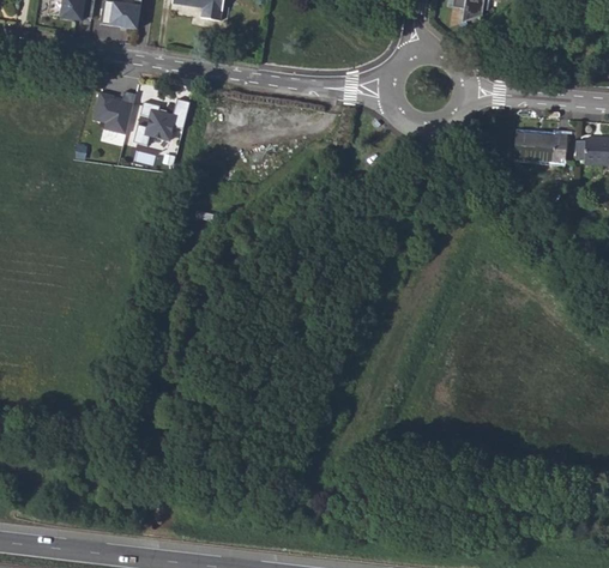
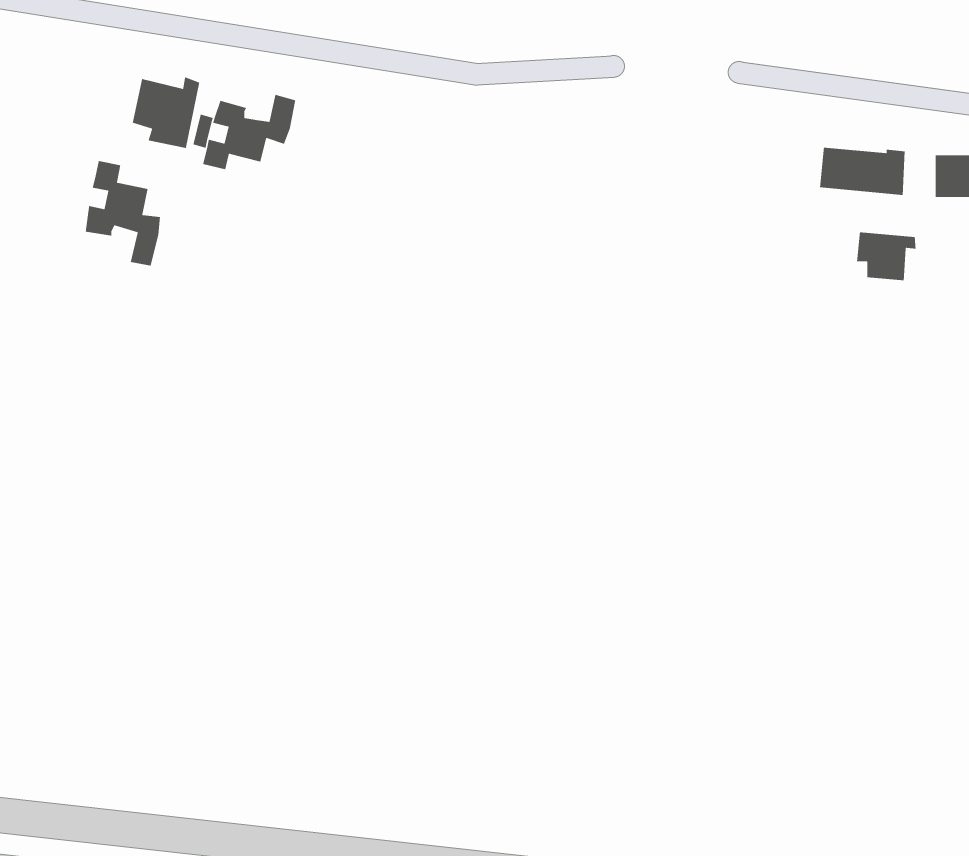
building: none -> [85,160,161,266]
building: none -> [856,231,916,281]

